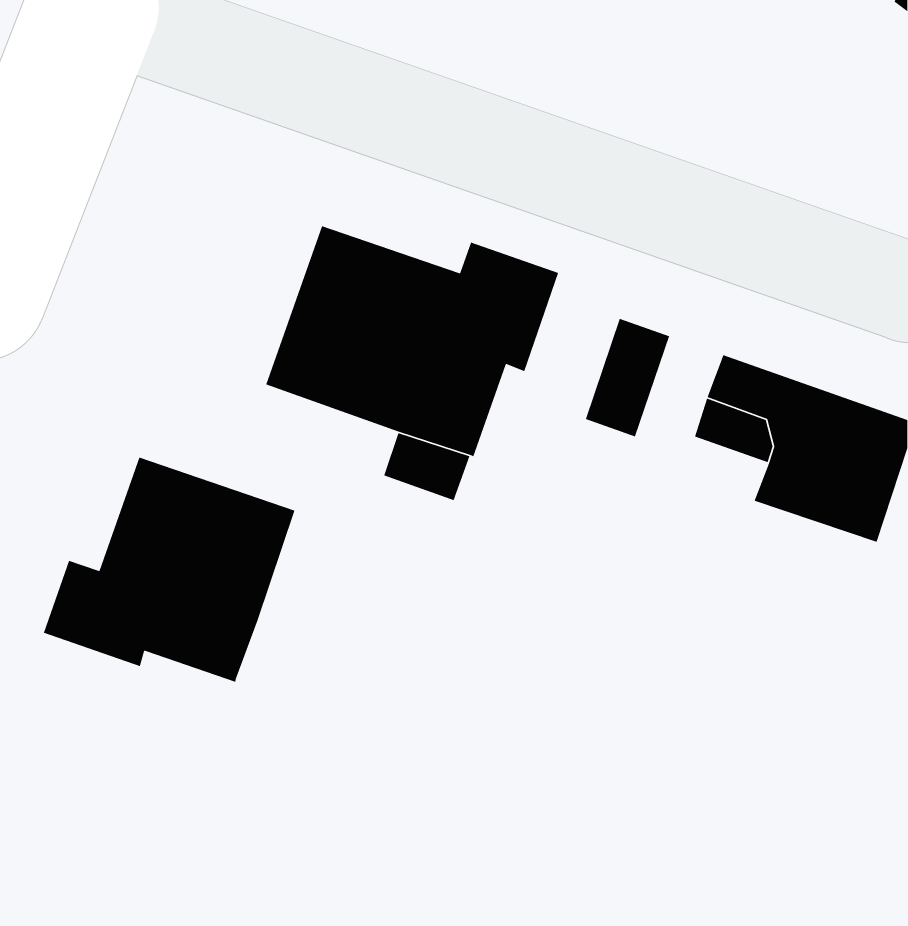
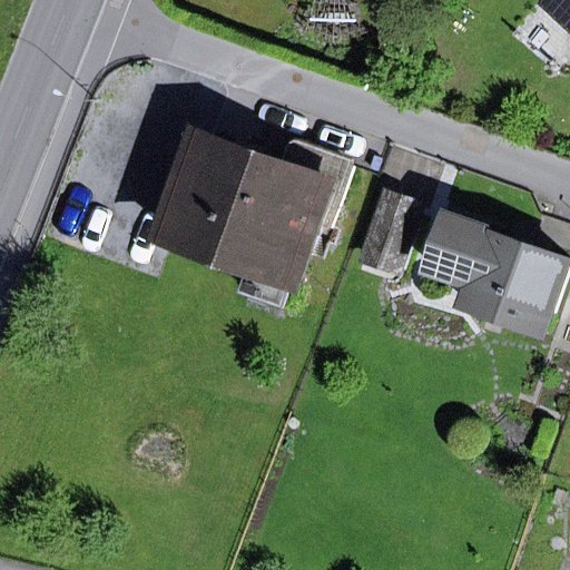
building: [43,457,296,683] -> none

